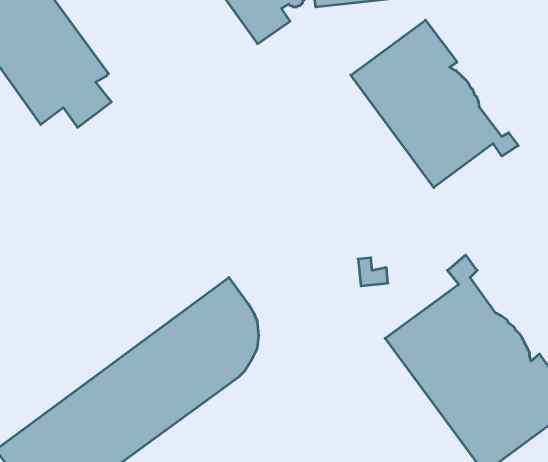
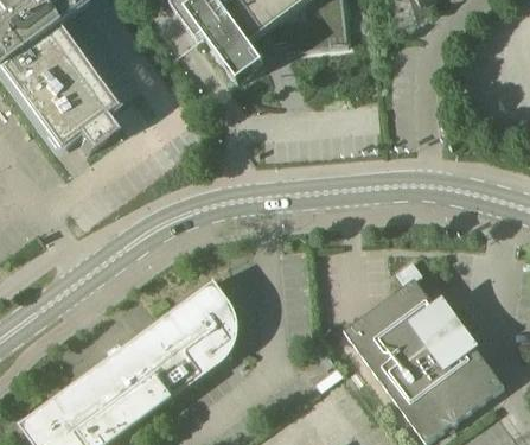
building: [351,20,518,188] -> none

